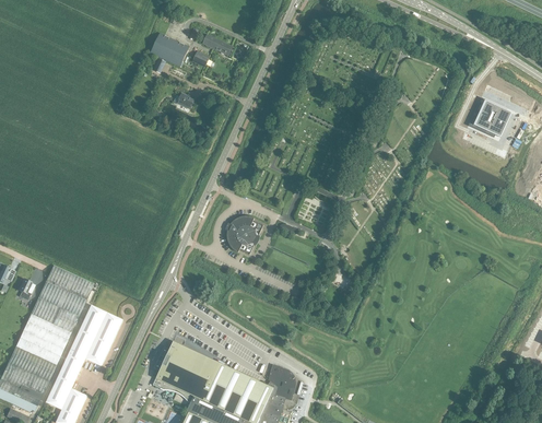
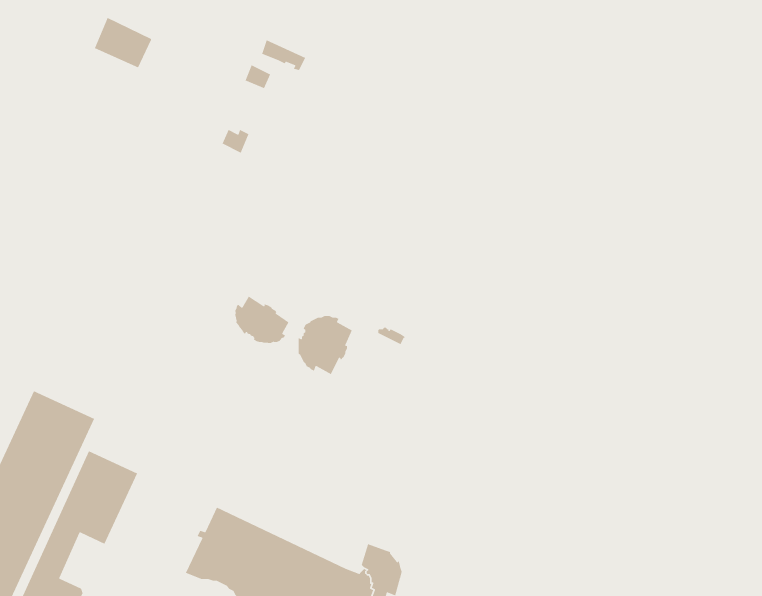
building: [151,33,189,67] -> [94,17,152,69]
building: [470,98,512,137] -> none
building: none -> [234,296,290,344]

